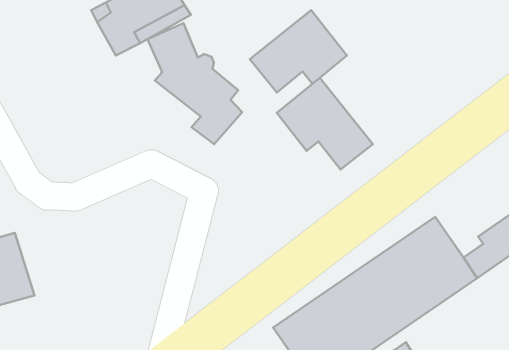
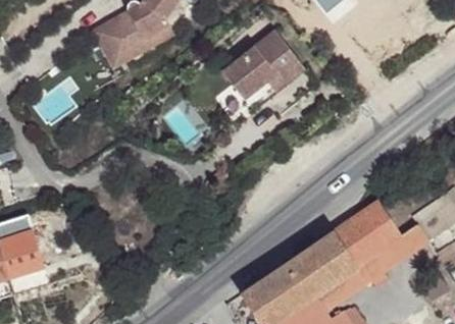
building: [147,23,242,144] -> none
building: [277,78,373,170] -> none

